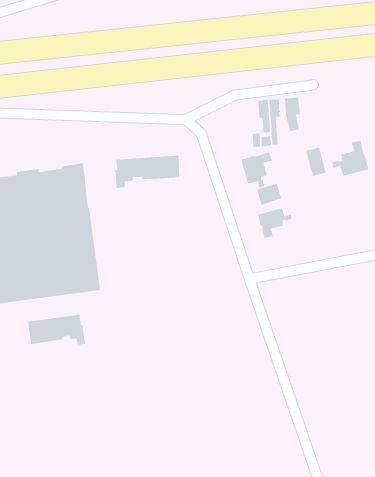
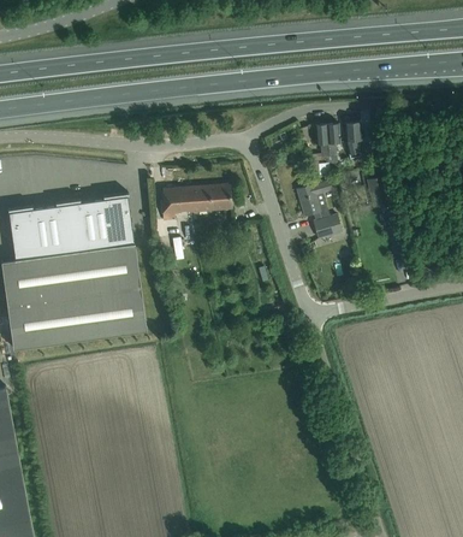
building: [332,140,369,176] -> none
building: [258,208,292,238] -> none
building: [27,314,86,345] -> none

